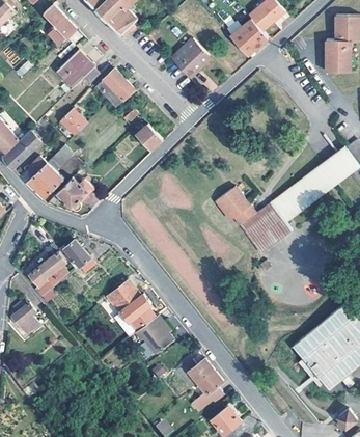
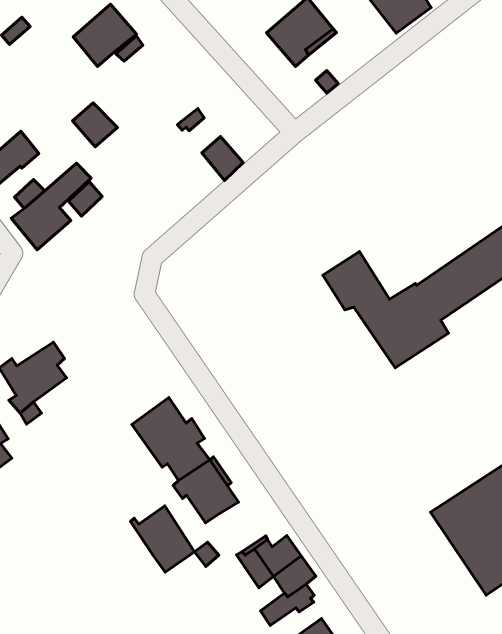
building: [95,69,134,106] -> none
building: [56,177,95,210] -> none
building: [58,239,95,274] -> none
building: none -> [130,506,195,572]

